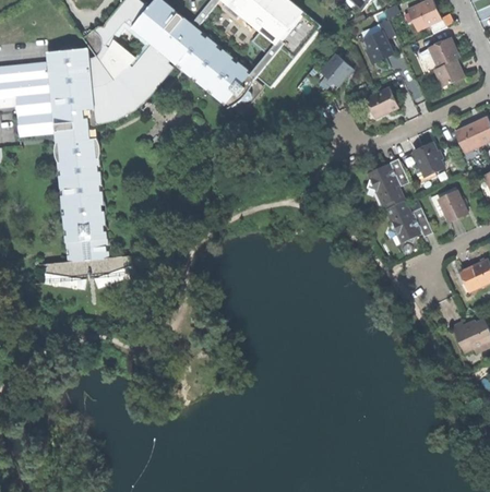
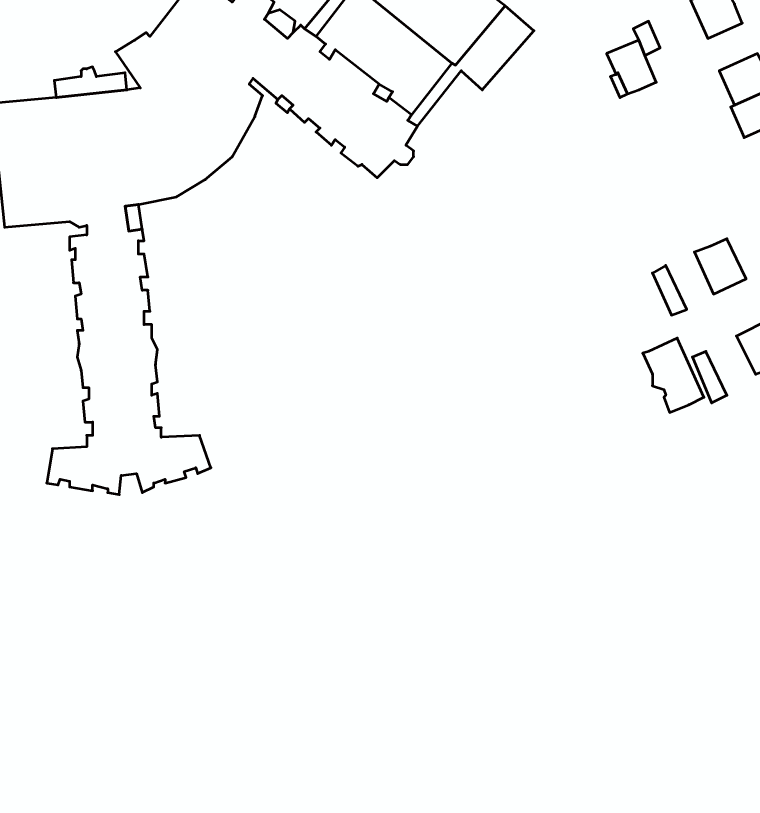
building: [320,52,351,84] -> none
building: [364,87,397,118] -> none
building: [364,164,403,207] -> none

